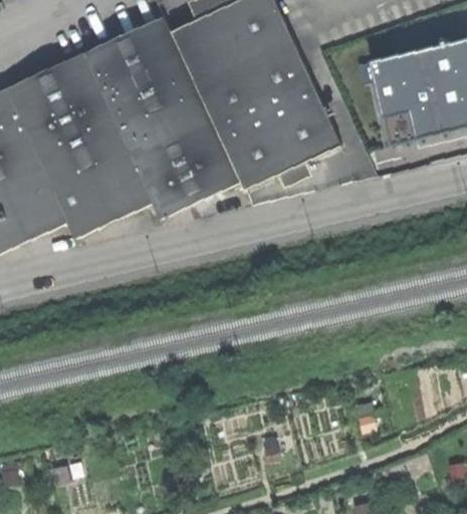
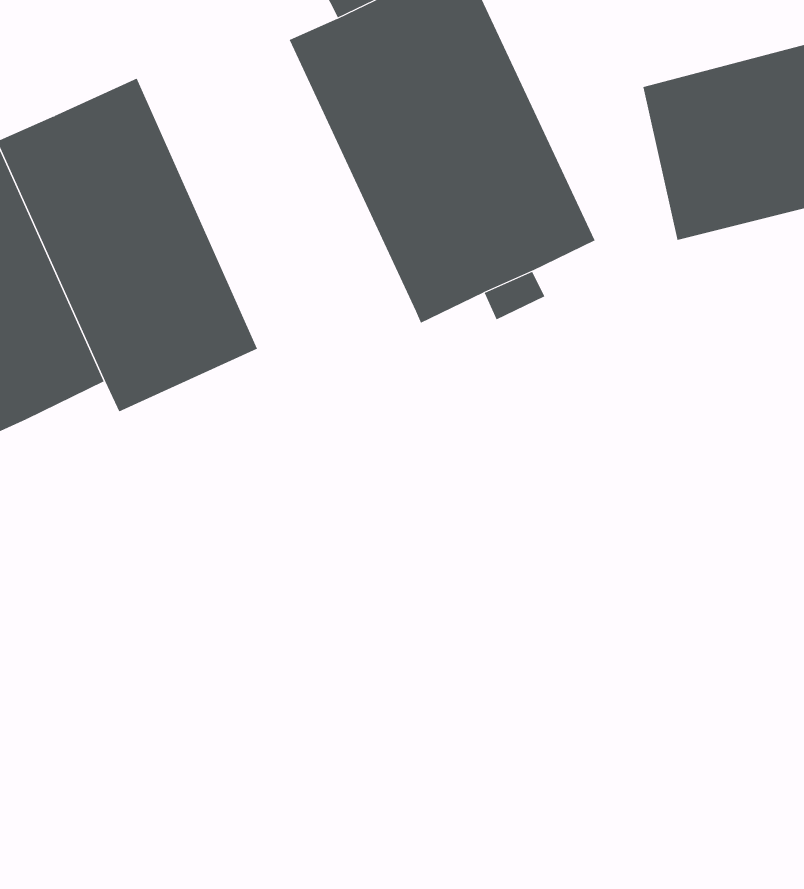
building: [85,17,240,218] -> none

